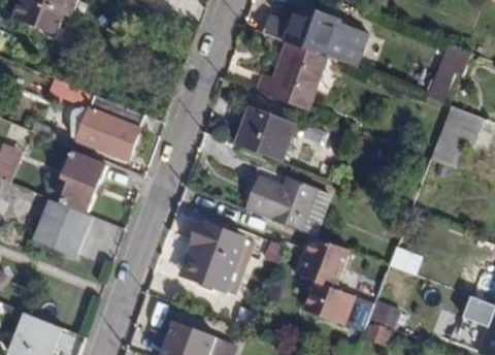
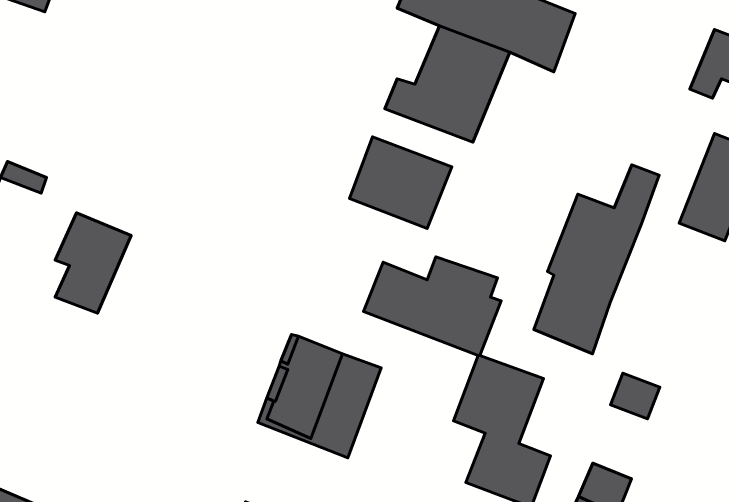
building: [57,82,145,158] -> none
building: none -> [534,165,659,354]
building: [36,200,91,254] -> none

